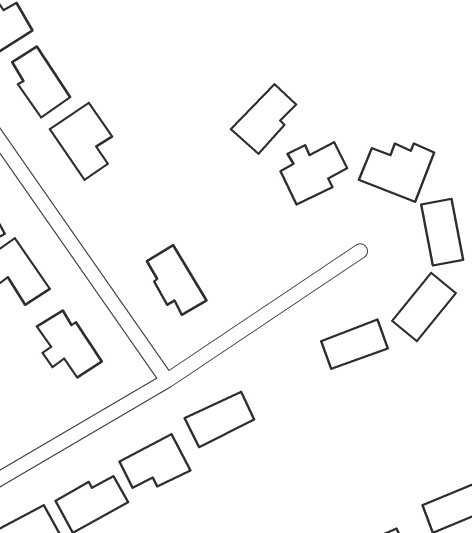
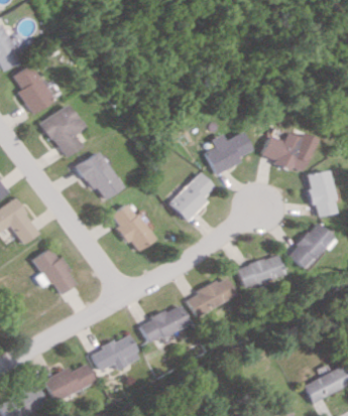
building: [231,84,296,154] -> [170,173,216,222]
building: none -> [79,152,124,201]
building: none -> [183,276,232,317]

